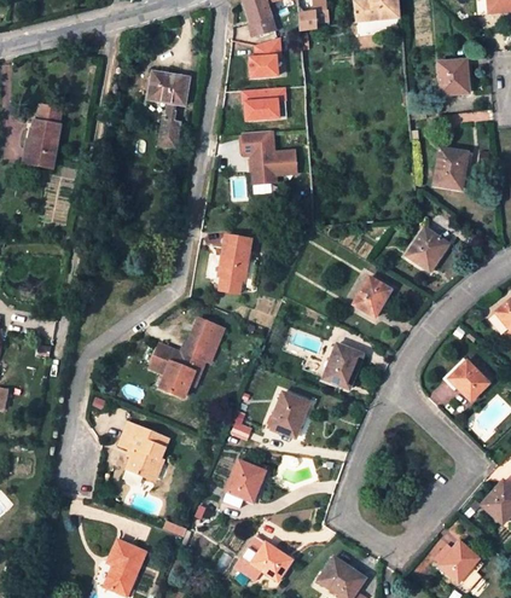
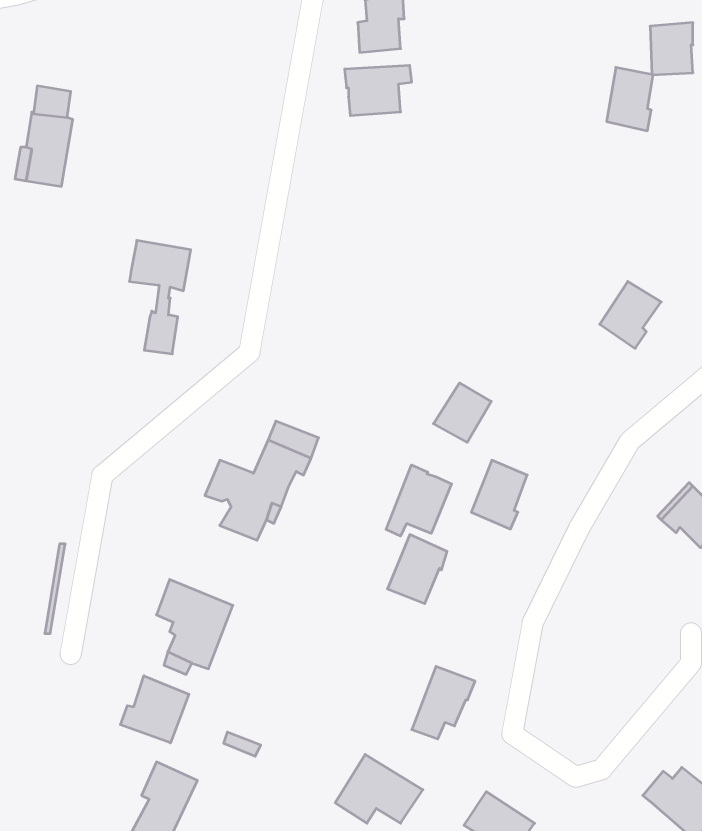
building: [149,71,188,145] -> [129,240,191,354]
building: [242,130,297,185] -> none
building: [434,147,464,188] -> [607,67,653,131]
building: [222,237,252,283] -> none
building: [352,277,389,315] -> [433,383,491,442]
building: none -> [386,465,452,536]
building: [222,460,263,507] -> [412,666,475,739]
building: none -> [120,676,189,743]

